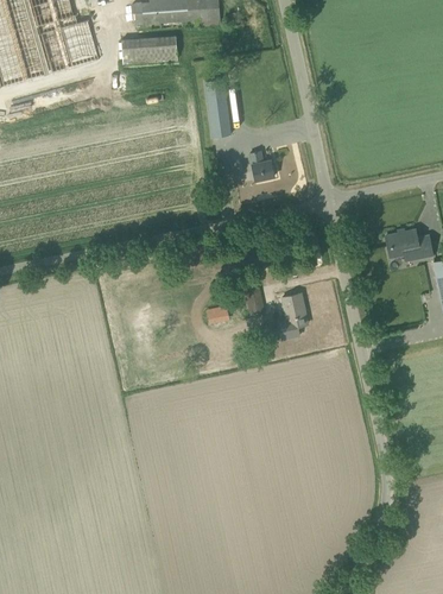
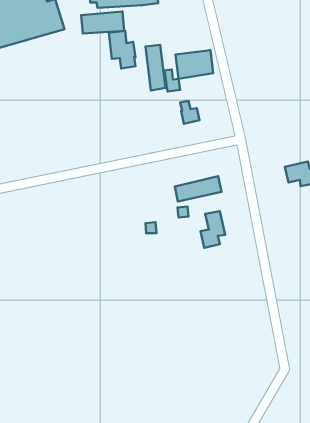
building: none -> [109,31,136,68]
building: none -> [176,50,213,79]
building: none -> [175,176,221,201]

